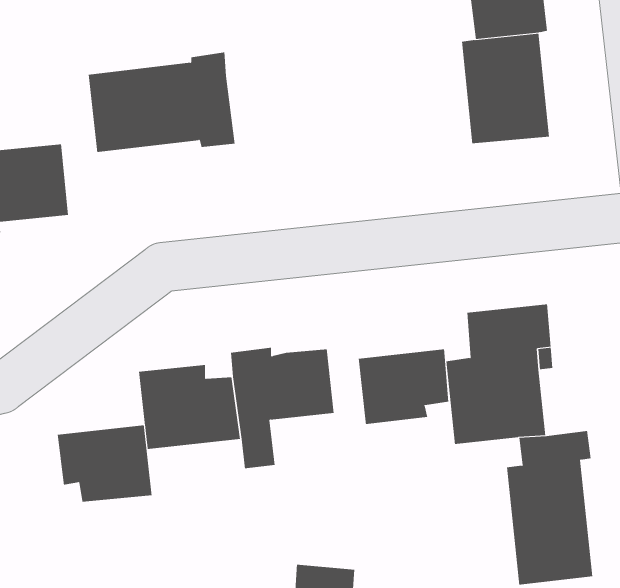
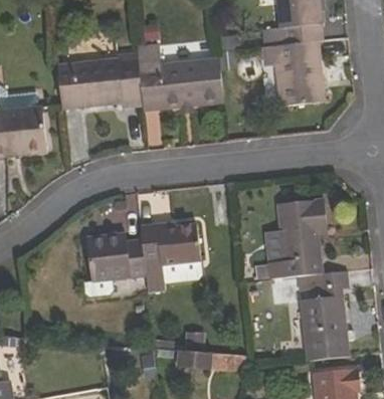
building: none -> [138,57,223,112]
building: [358,348,449,425] -> none
building: [57,424,152,502] -> none

